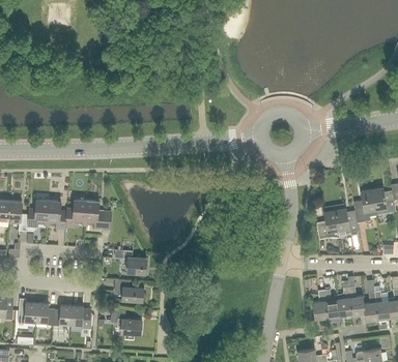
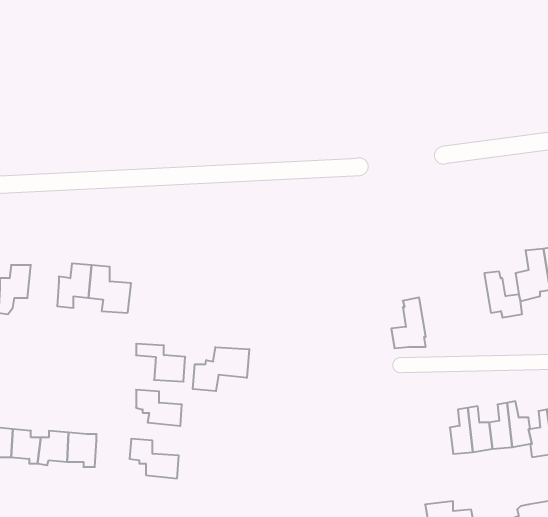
building: [47,201,66,230] -> none
building: [317,206,339,238] -> [391,297,426,348]
building: none -> [193,347,249,391]

